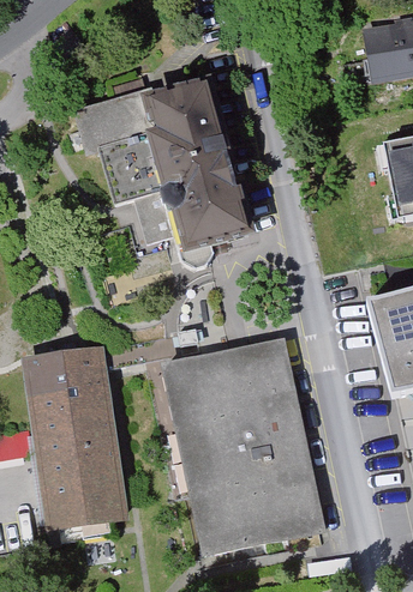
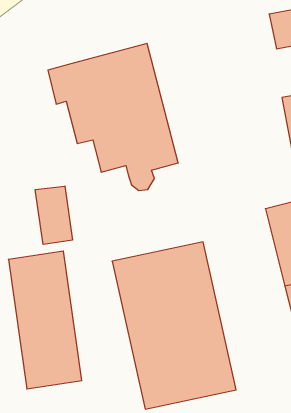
building: none -> [35,186,72,244]

